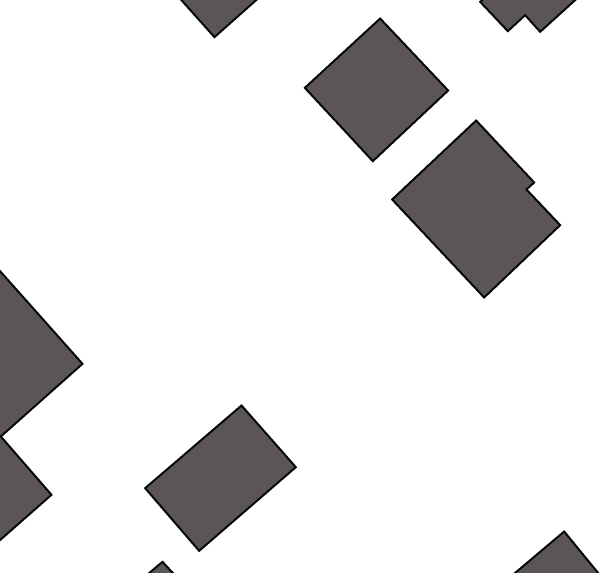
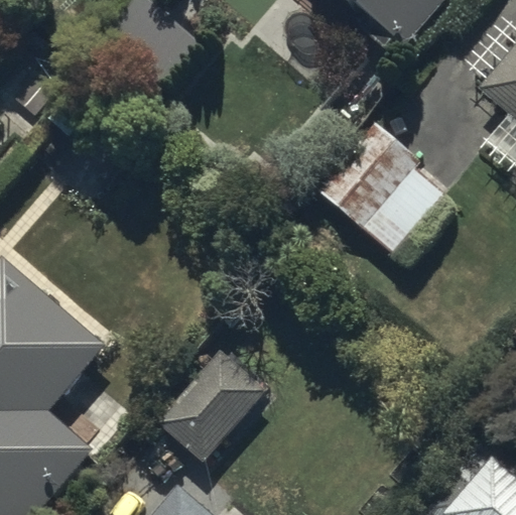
building: [305,18,448,161] -> none

